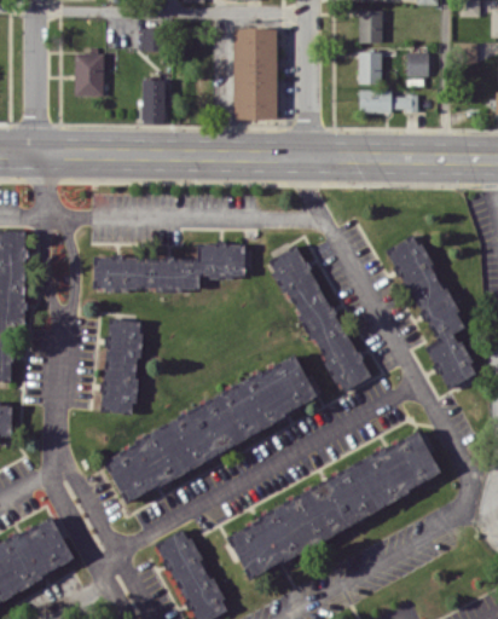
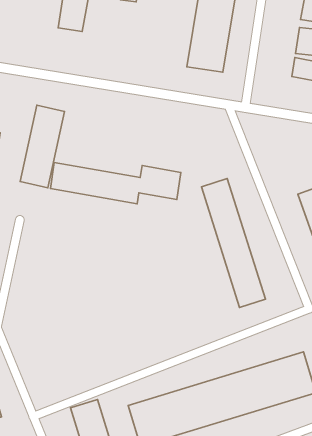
building: [143,79,166,123] -> none
building: [102,318,141,413] -> [20,105,65,188]
building: [102,357,320,499] -> none

